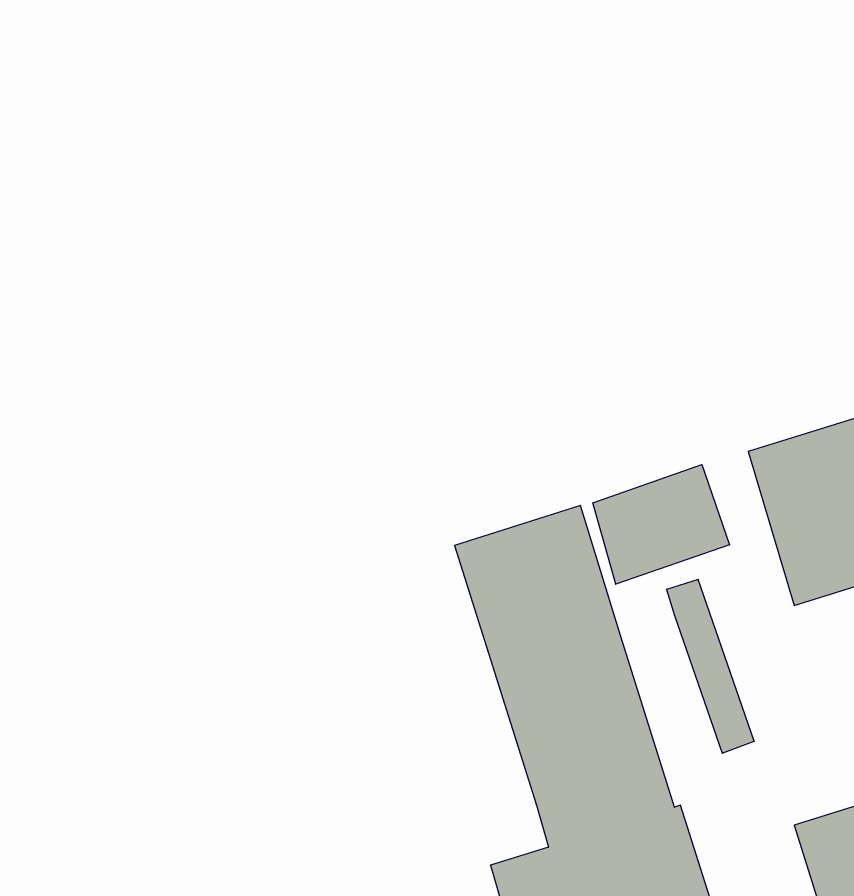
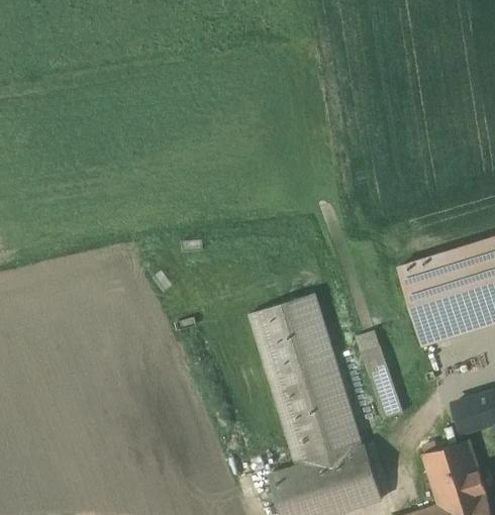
building: [593,465,730,584] -> none

